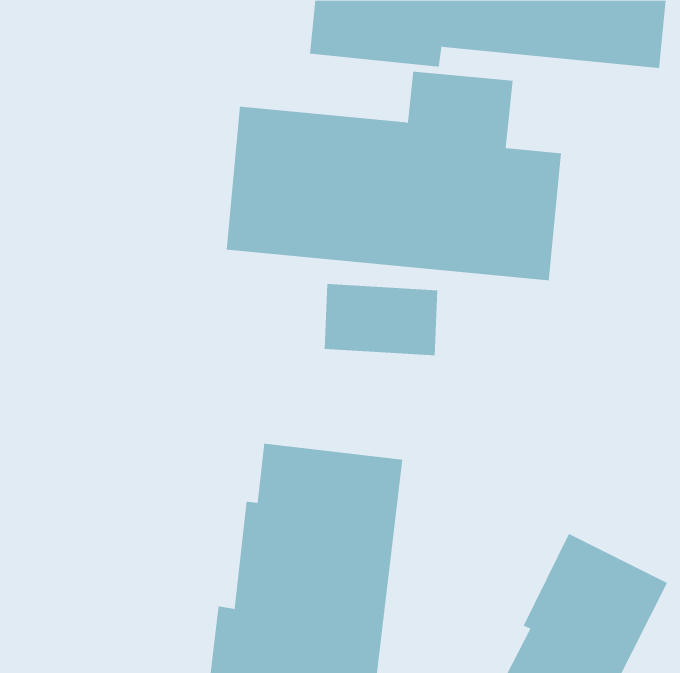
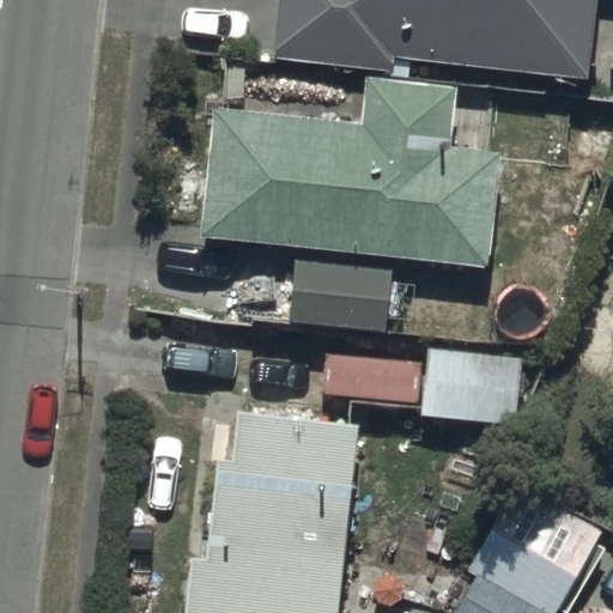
building: none -> [413,351,529,430]

